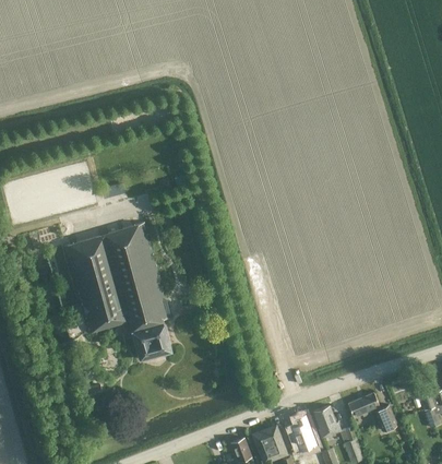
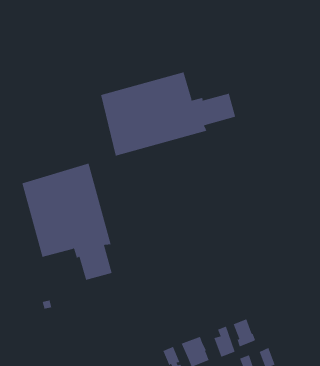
building: none -> [100,72,236,157]
building: [348,392,397,431] -> none

